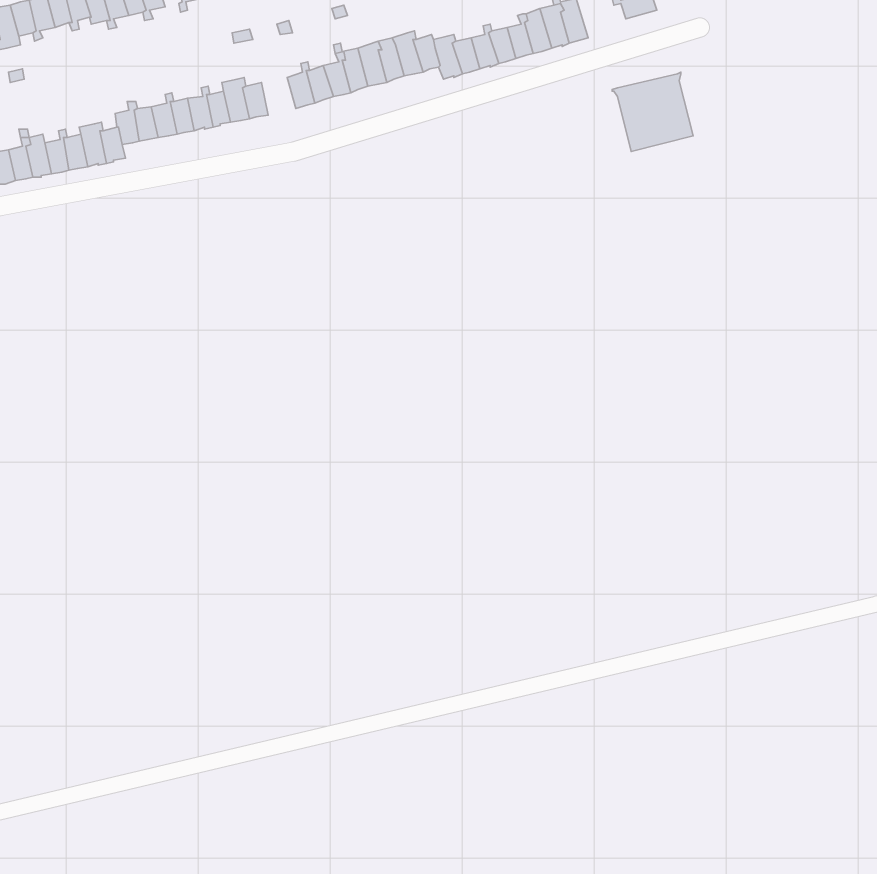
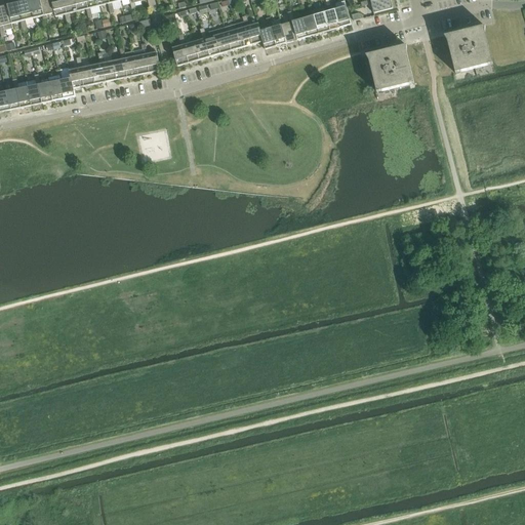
building: none -> [444,24,492,71]

